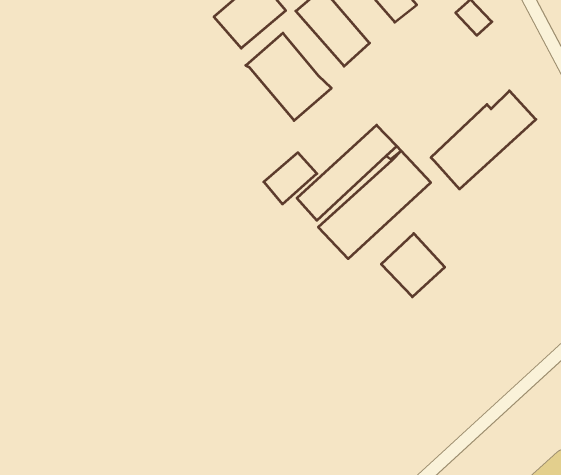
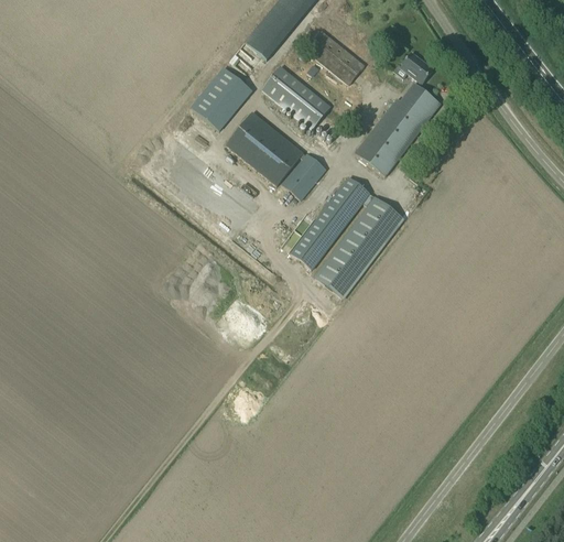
building: [431,91,536,189] -> [355,82,441,175]
building: [264,153,317,204] -> [281,152,326,199]
building: [381,233,445,297] -> none

